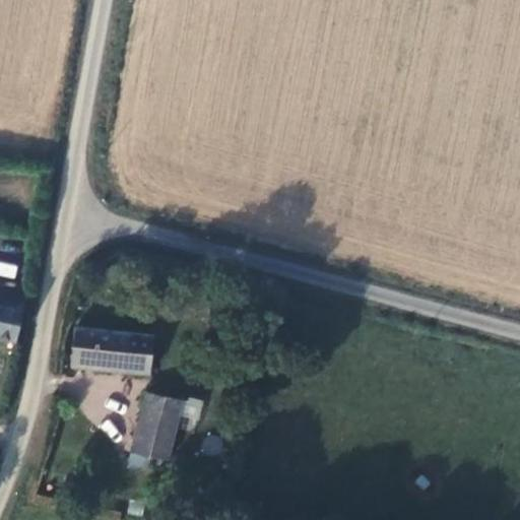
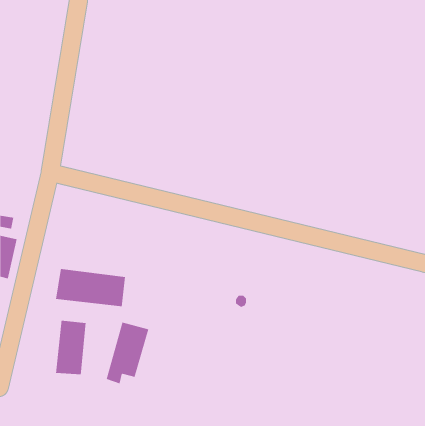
building: none -> [55,320,86,375]

